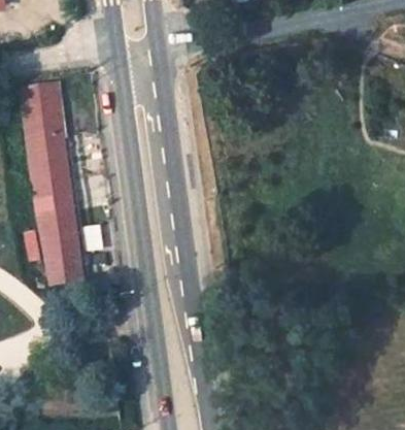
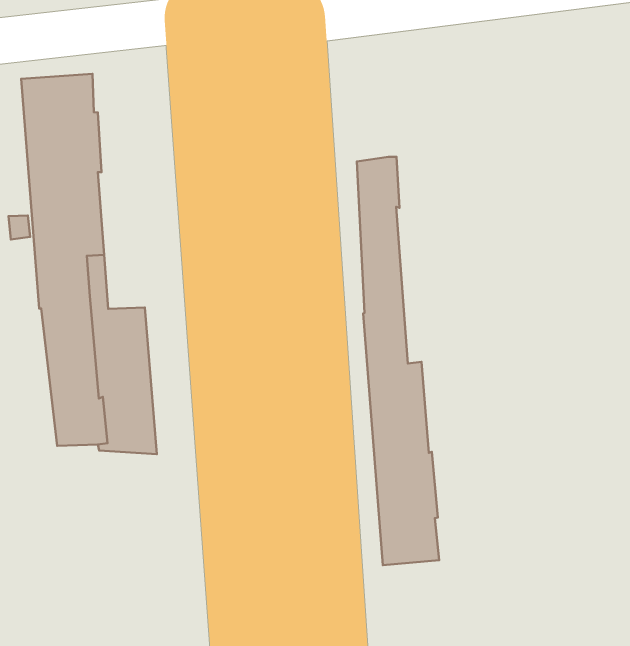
building: none -> [357,157,439,565]

